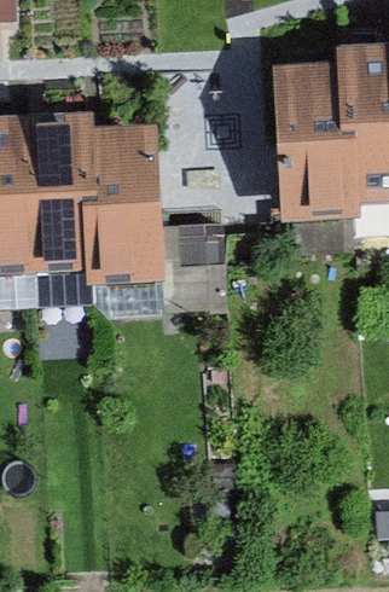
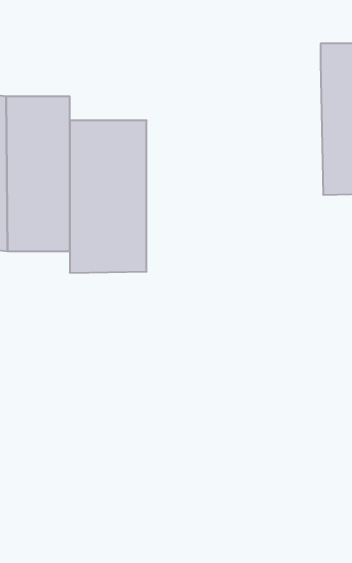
building: [274,71,335,228] -> none

